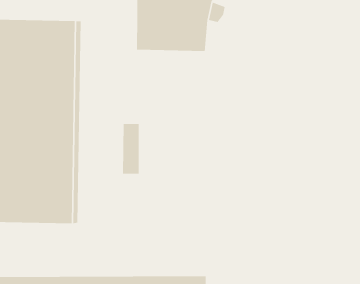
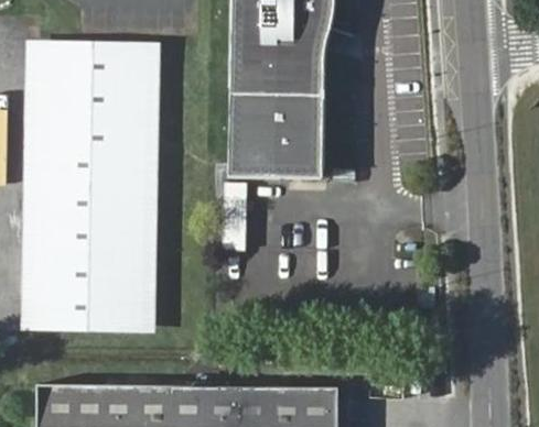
building: none -> [229,85,324,172]

